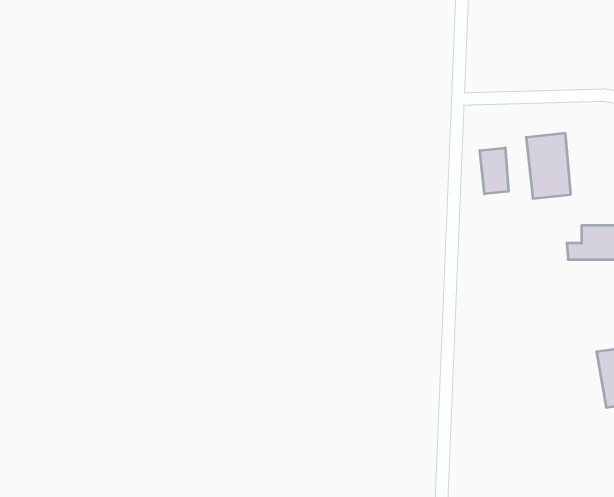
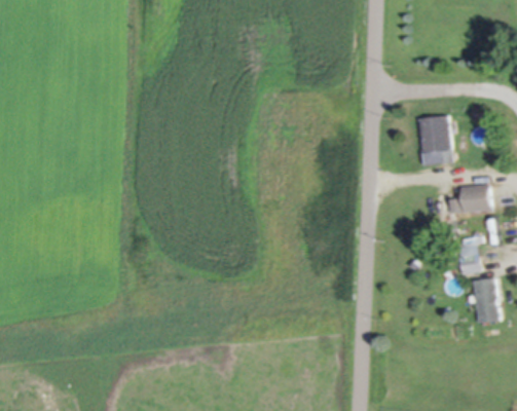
building: [480,148,509,194] -> none
building: none -> [457,245,479,274]

